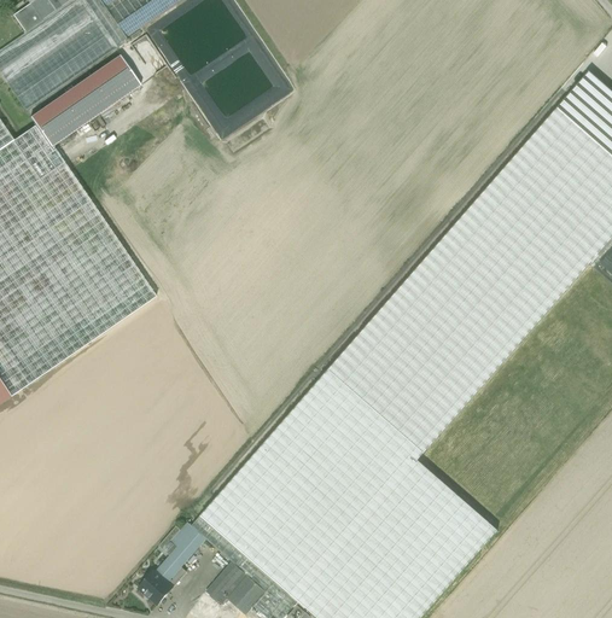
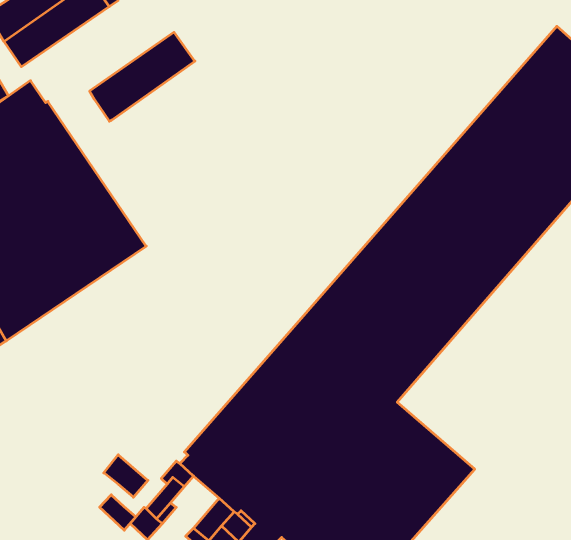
building: [30,57,140,150] -> [90,32,195,121]
building: none -> [104,455,148,497]
building: none -> [100,495,136,530]

